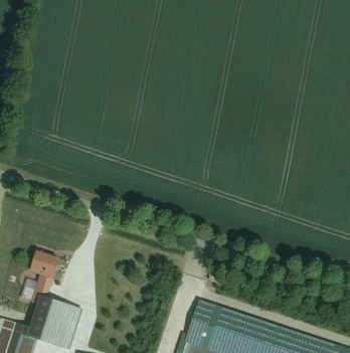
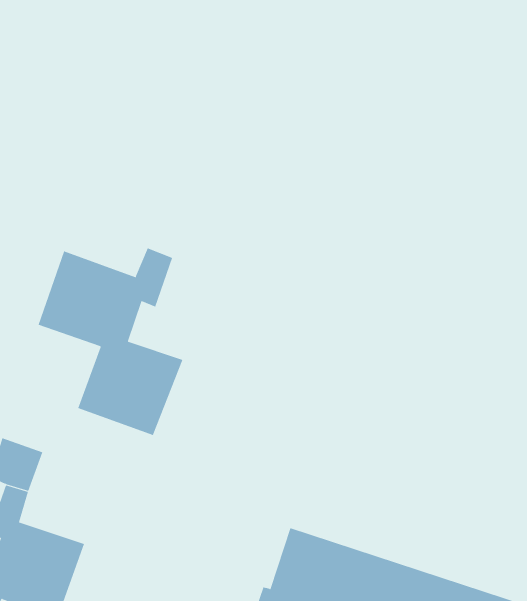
building: none -> [38,248,183,436]

